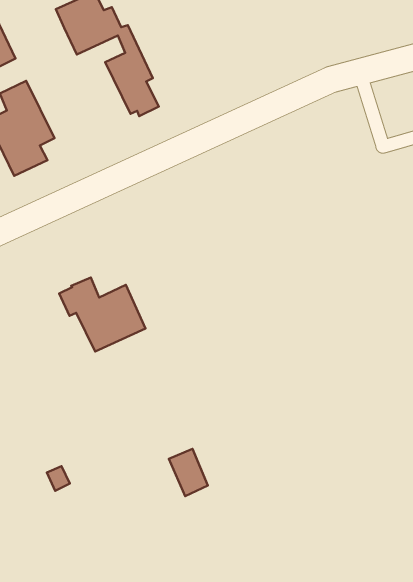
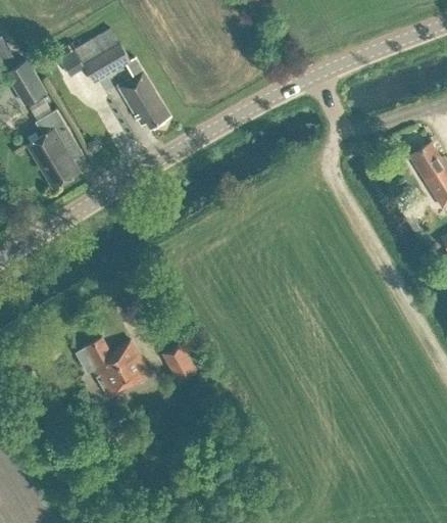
building: [59,278,145,351] -> [77,338,149,397]
building: [169,449,208,496] -> [161,343,195,382]

